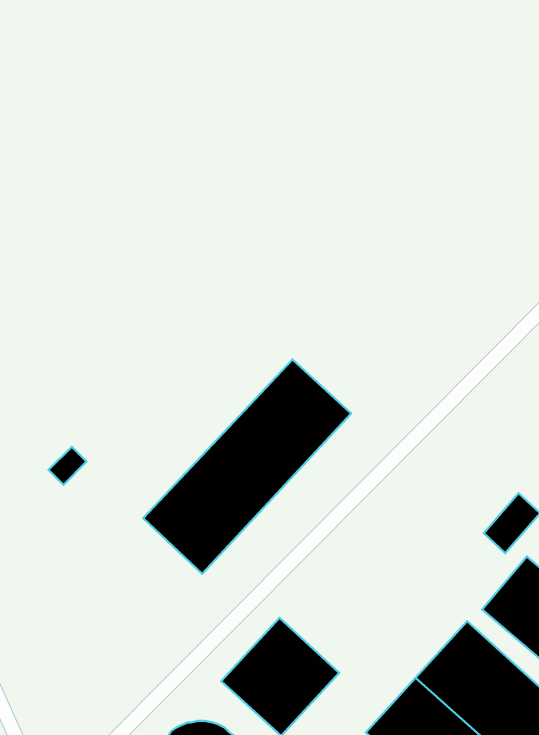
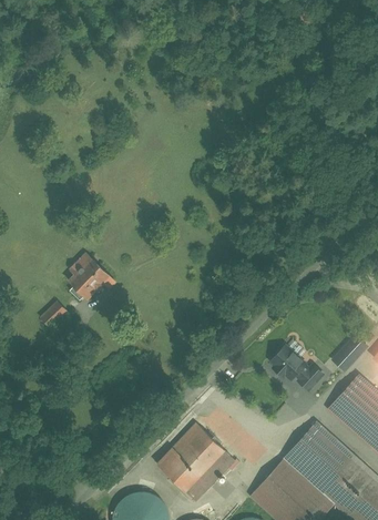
building: [143,360,351,574] -> none
building: none -> [65,258,114,305]
building: none -> [267,341,321,394]

